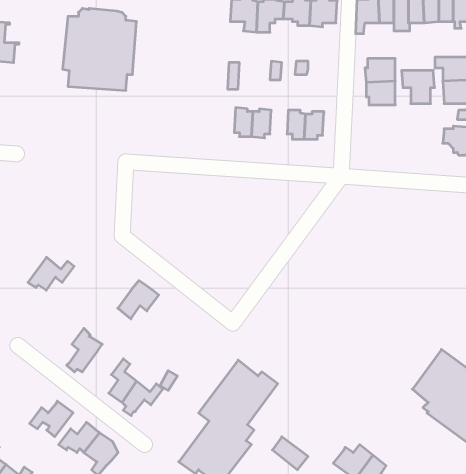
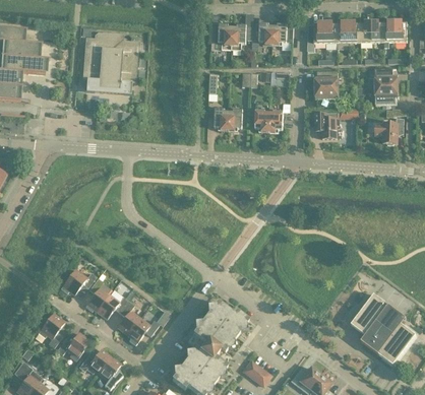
building: [402,70,435,104] -> [314,112,340,137]
building: [28,257,74,290] -> [60,268,96,293]
building: [118,281,159,319] -> [97,288,128,318]
building: none -> [38,313,63,346]

